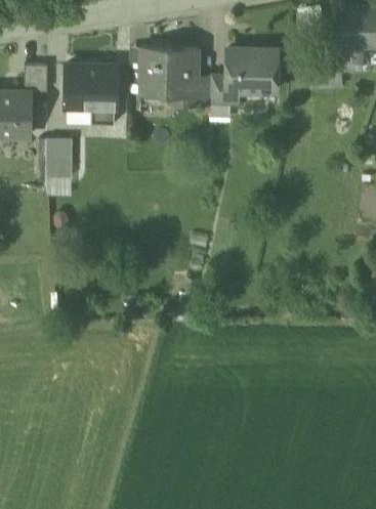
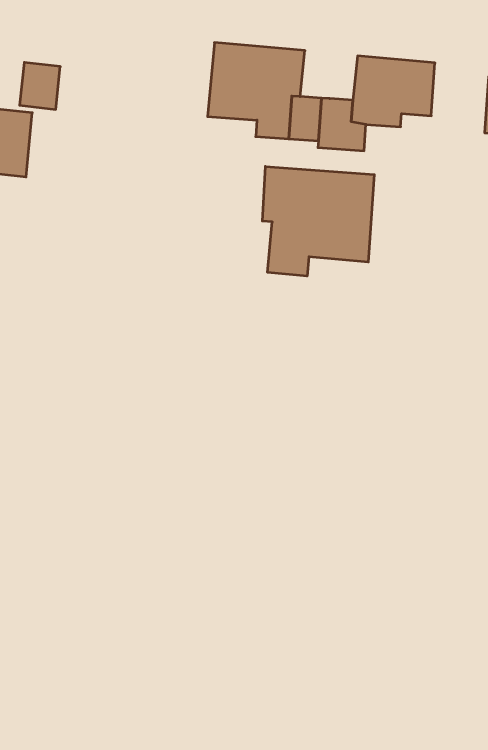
building: [66,66,117,123] -> none
building: none -> [262,166,374,276]
building: [44,138,72,178] -> none

